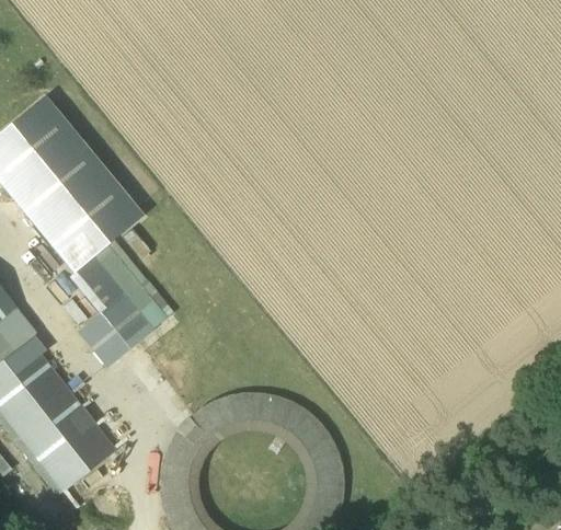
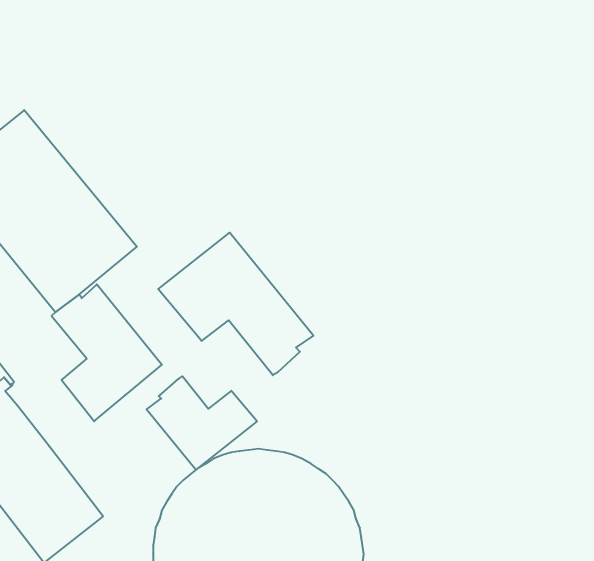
building: none -> [158,233,313,375]
building: none -> [147,376,257,470]

